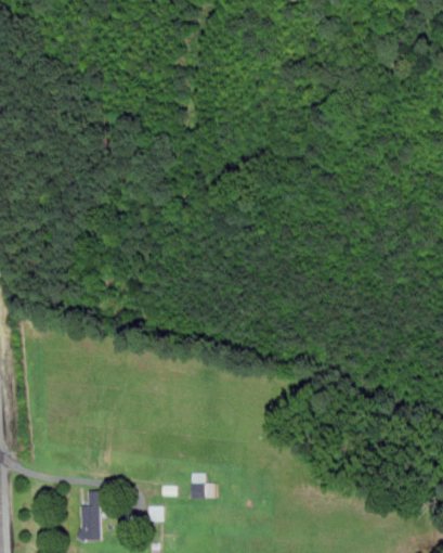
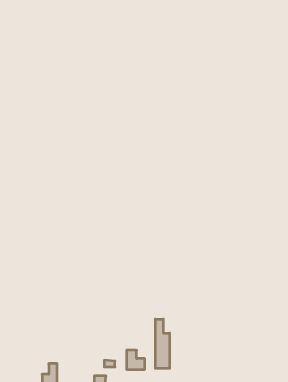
building: none -> [155,319,170,368]

